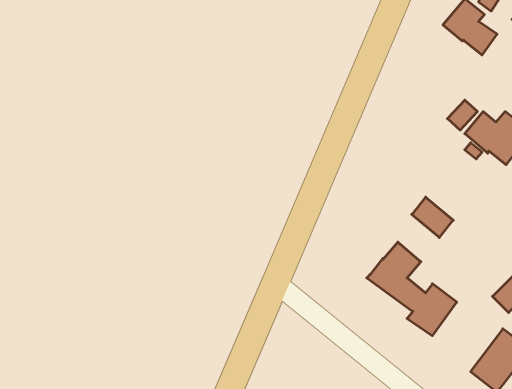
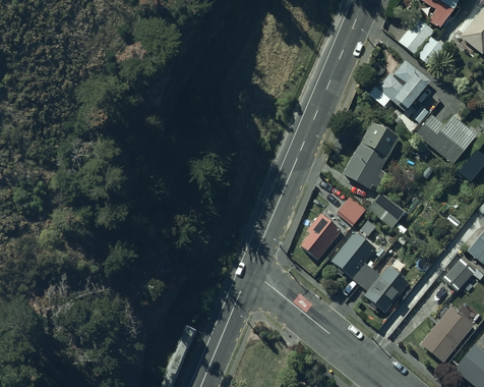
building: none -> [377,60,432,111]
building: none -> [344,122,401,188]
building: none -> [339,197,367,224]
building: none -> [301,211,345,259]

